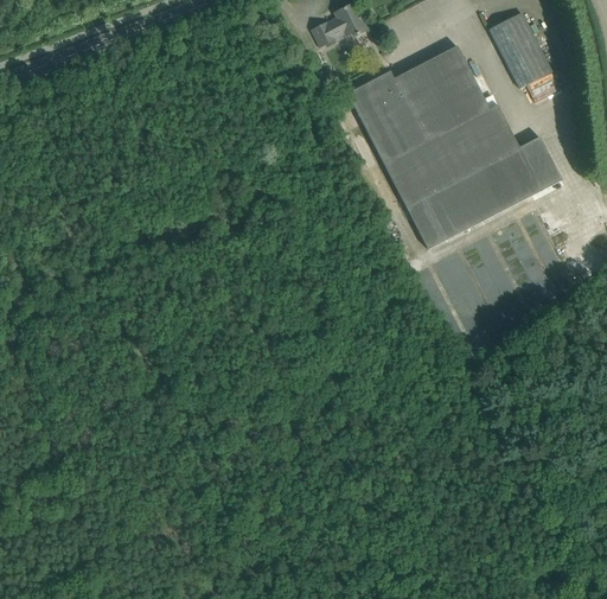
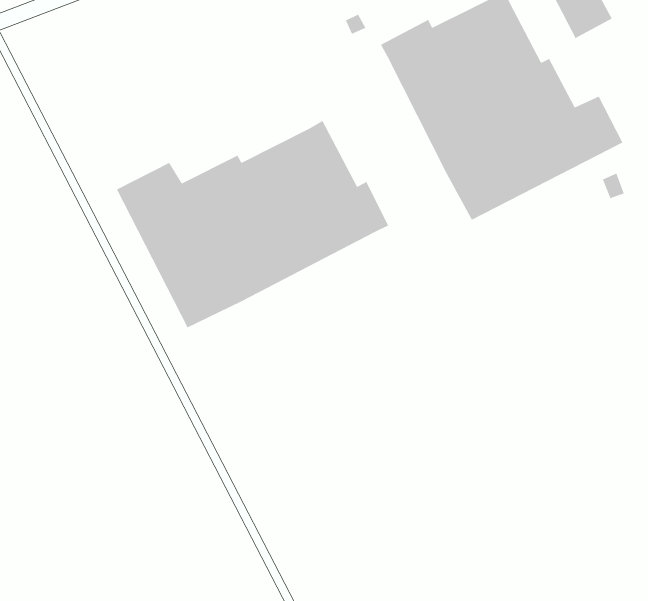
building: none -> [116,120,389,329]

